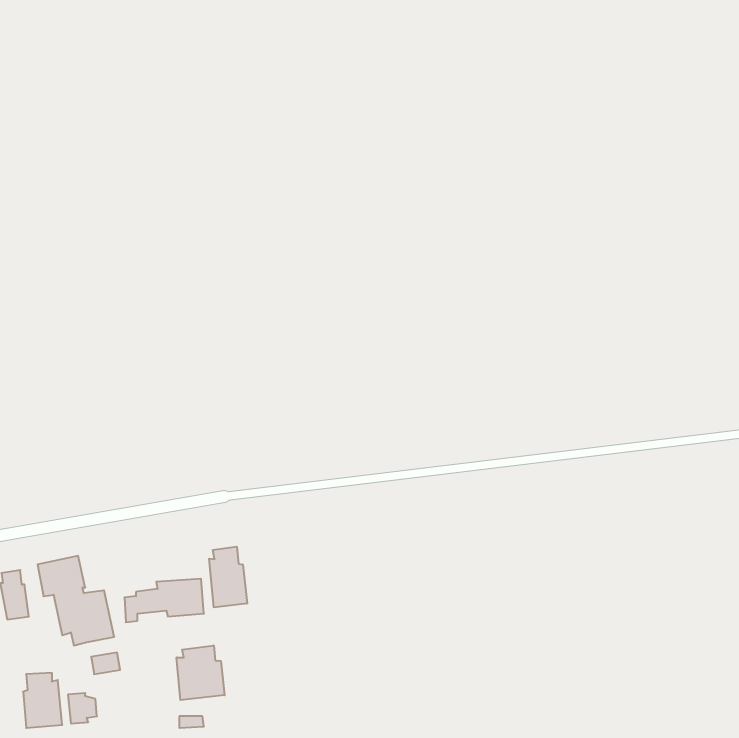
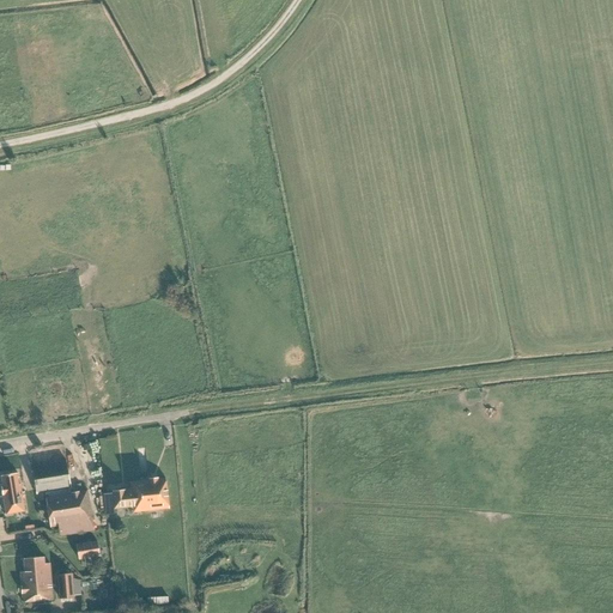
building: [209,547,247,607] -> none
building: [177,645,225,700] -> none

